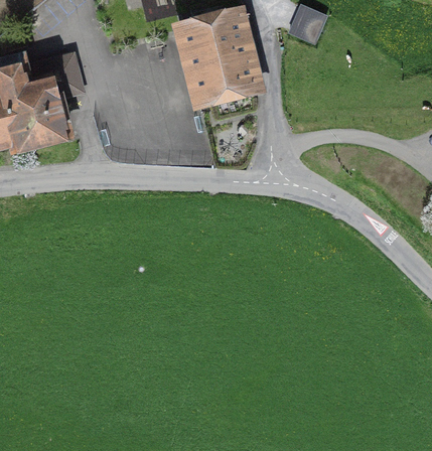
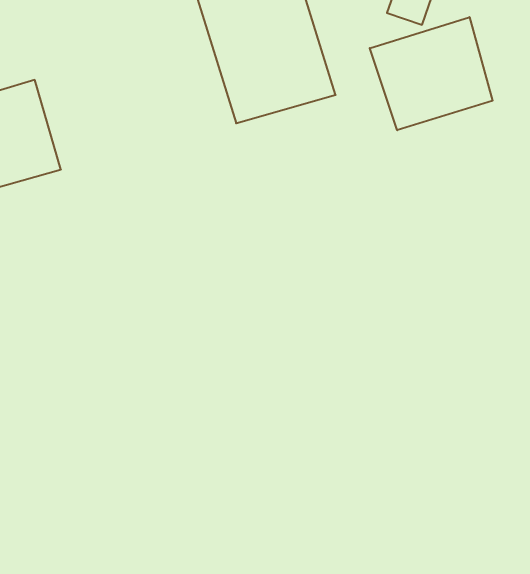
building: none -> [370,17,493,130]

